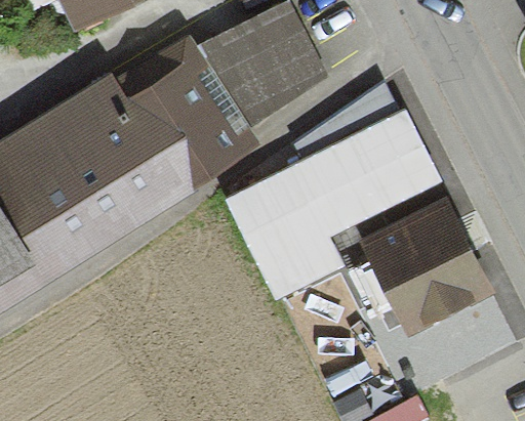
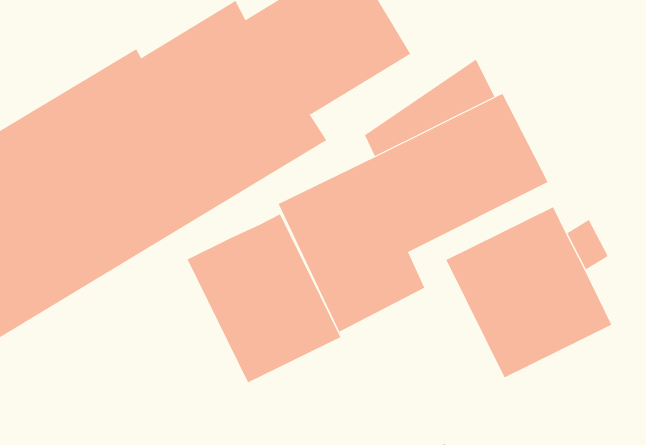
building: none -> [187,213,341,383]

